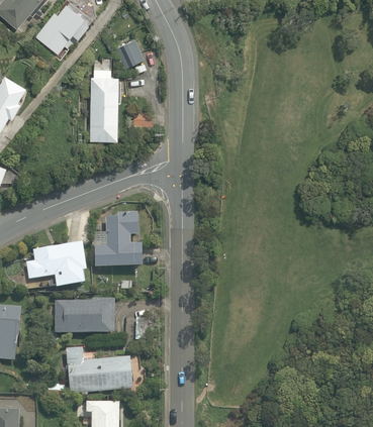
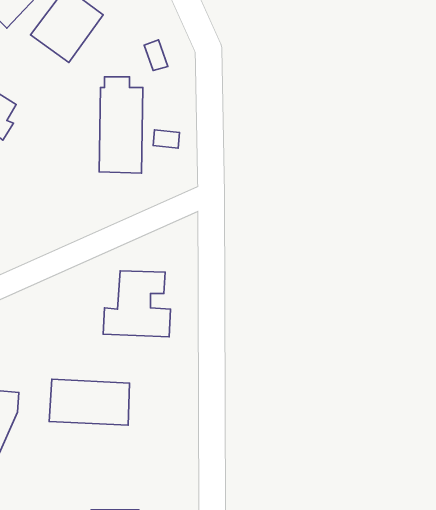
building: [23,242,87,289] -> none
building: [64,346,134,393] -> none

